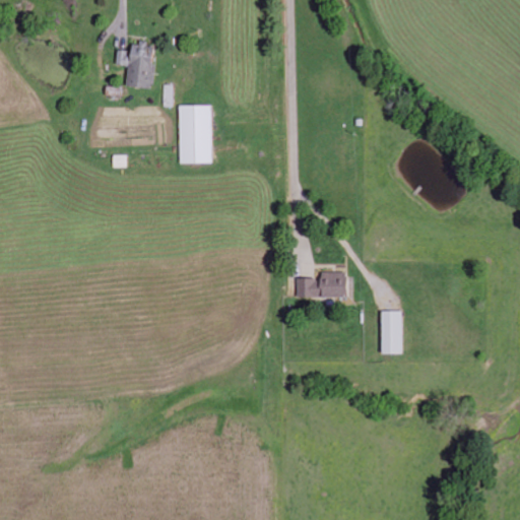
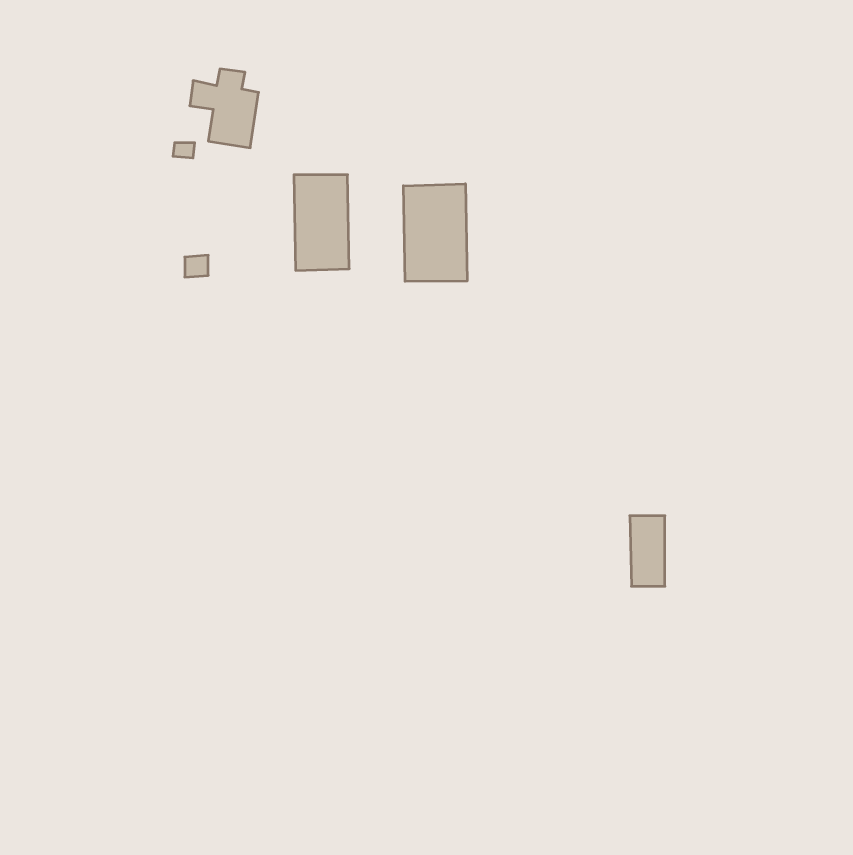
building: none -> [403,184,467,281]
building: [297,272,350,299] -> none

